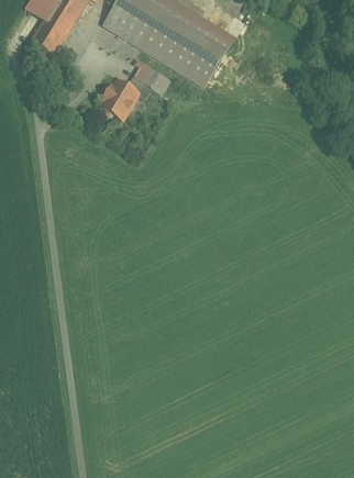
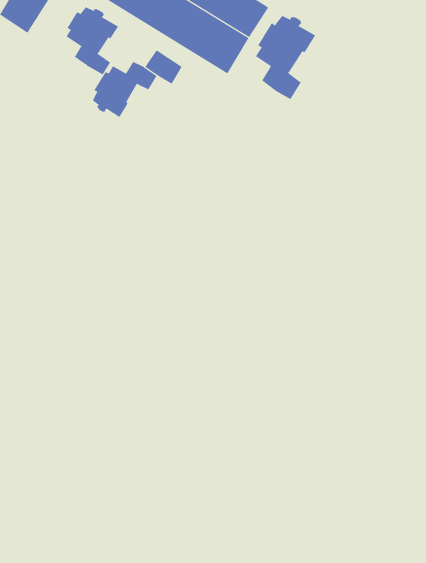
building: none -> [66,6,119,75]
building: none -> [255,15,316,100]

